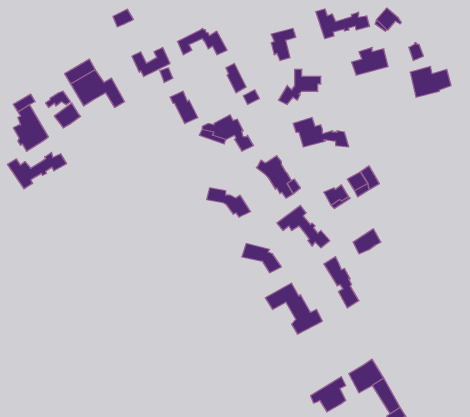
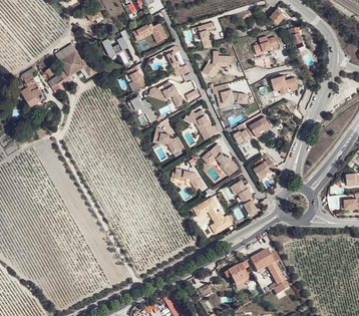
building: [316,9,369,39] -> none
building: [410,66,451,97] -> [269,75,297,96]
building: [8,152,67,189] -> none

